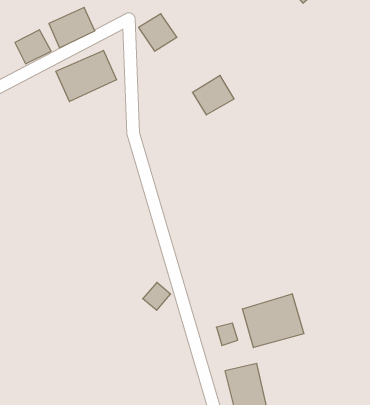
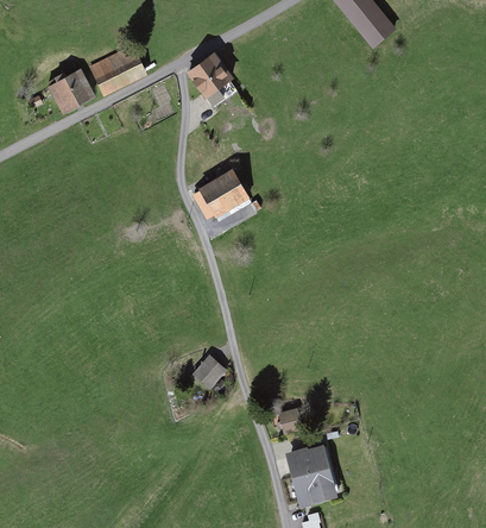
building: [56,50,116,102] -> none
building: [192,75,234,115] -> [198,174,245,218]
building: [242,294,304,348] -> none

